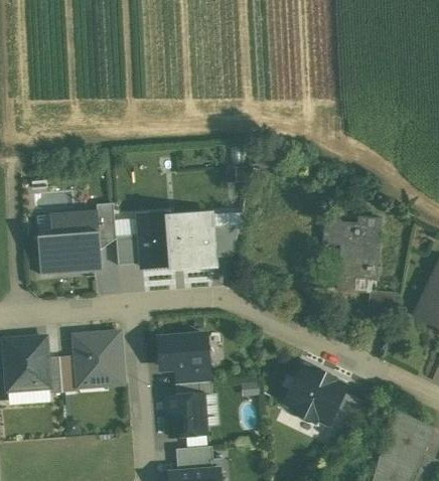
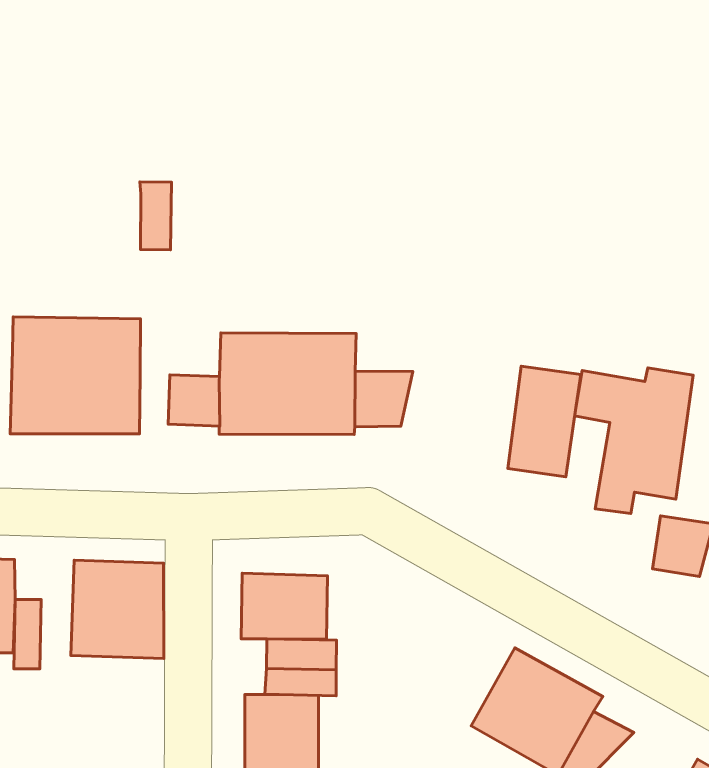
building: [98,204,116,239] -> [140,182,172,250]
building: none -> [508,366,581,477]
building: [59,357,78,392] -> none

